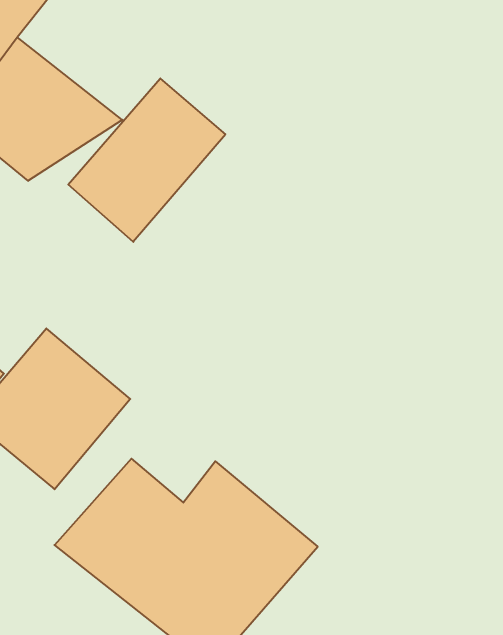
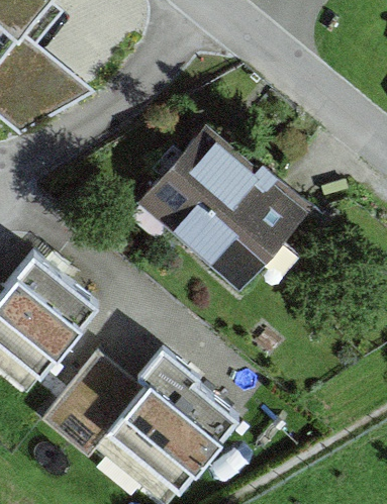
building: [68,78,225,242] -> none
building: none -> [139,127,296,282]

